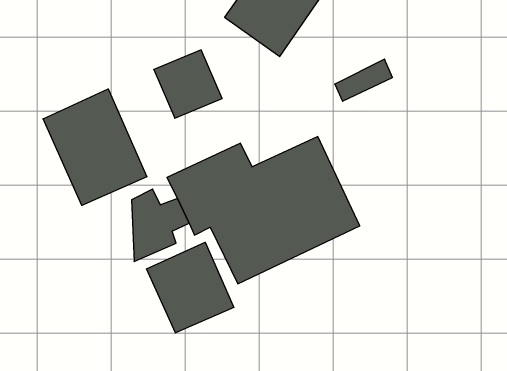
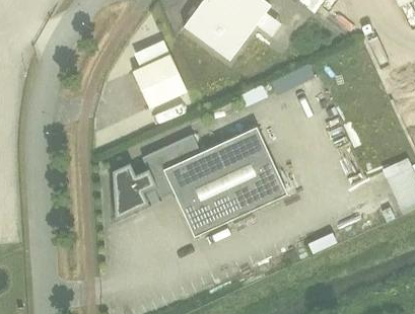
building: [43,89,147,205] -> none
building: [147,242,234,333] -> none

